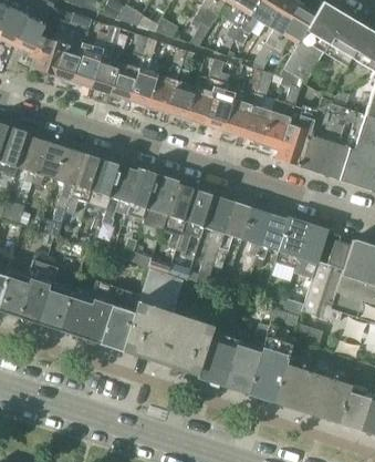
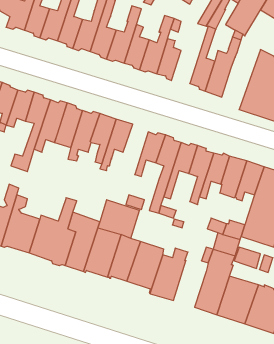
building: [221,64,263,135] -> none
building: [275,88,323,165] -> none
building: [160,182,195,248] -> none
building: [223,338,262,391] -> none

